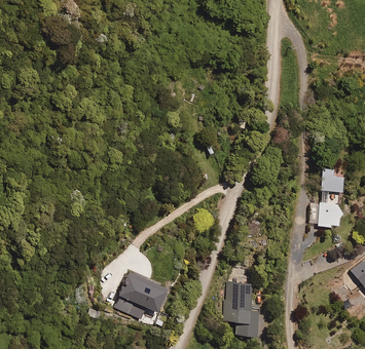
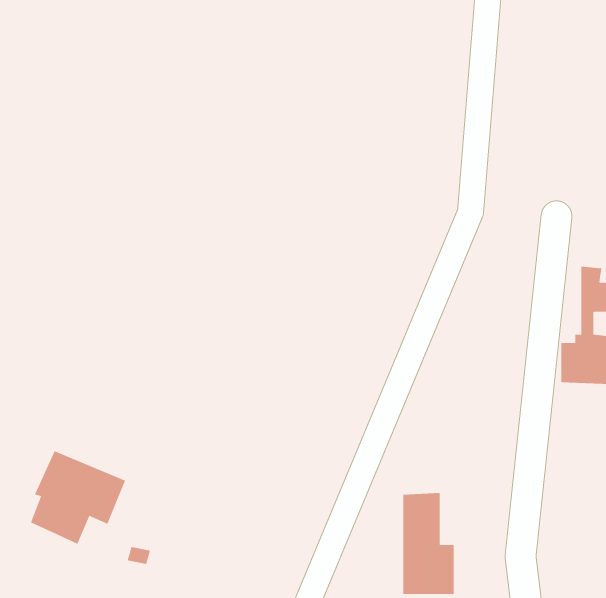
building: [117,272,167,320] -> [30,450,126,544]

